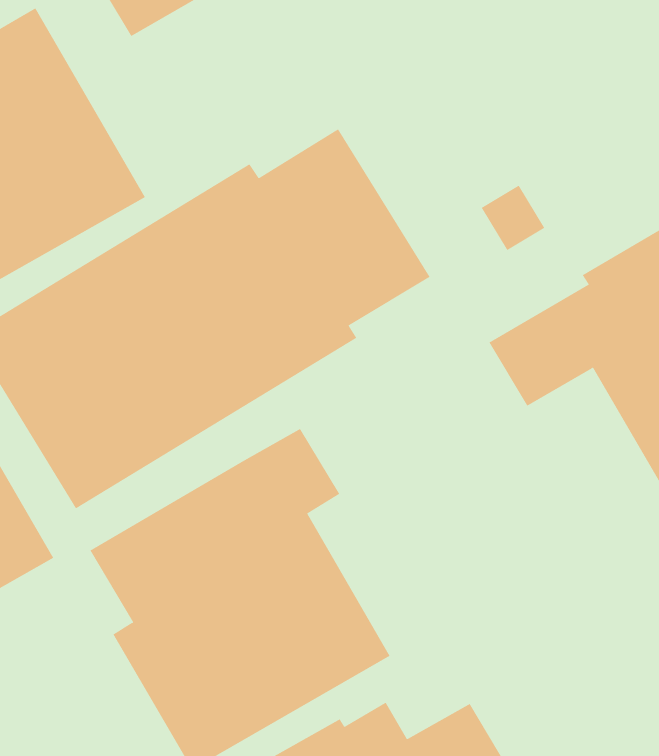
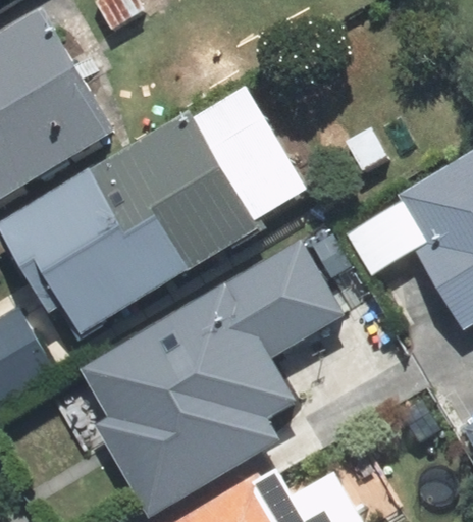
building: none -> [228,244,338,351]

